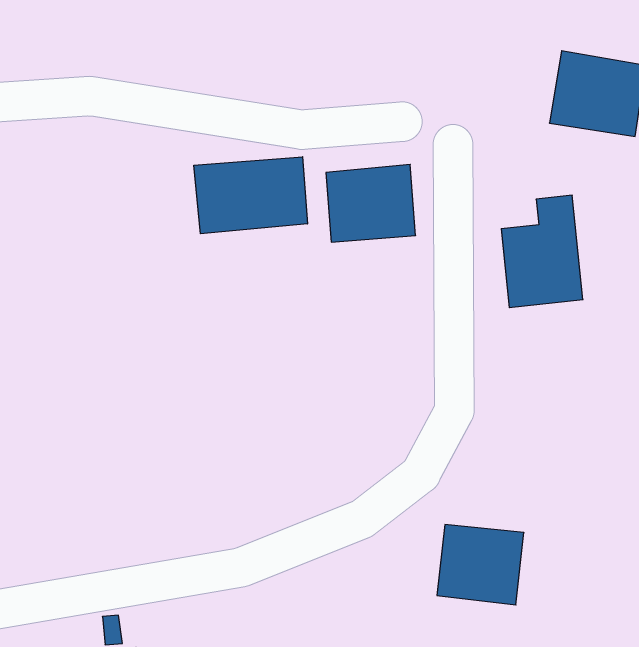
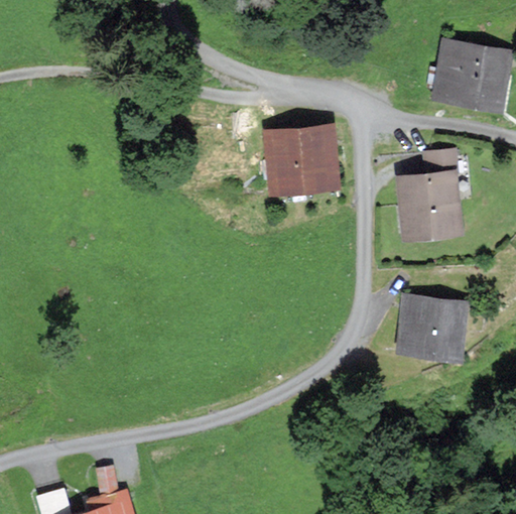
building: [194,157,307,234] -> none
building: [437,525,524,605] -> [398,296,464,357]

